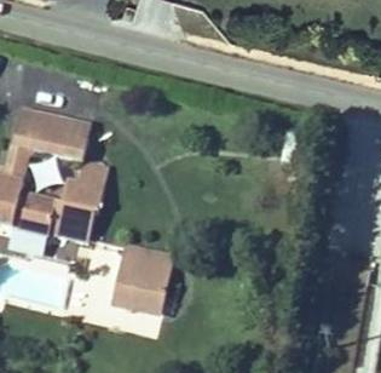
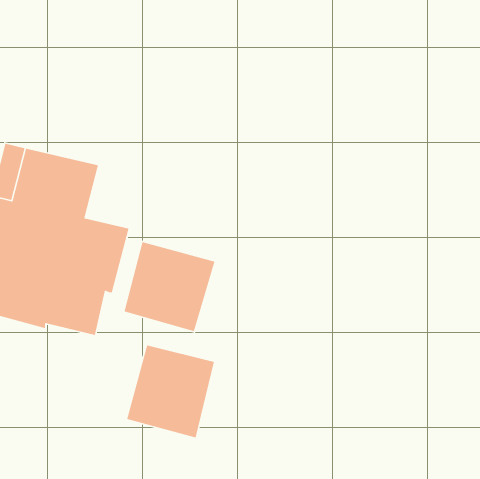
building: none -> [123,241,215,332]

